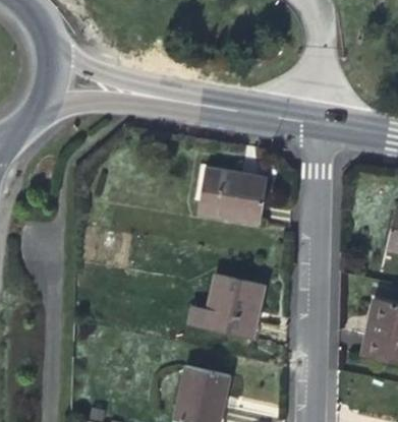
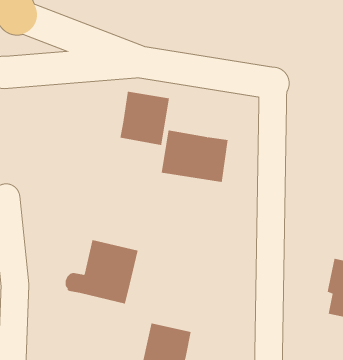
building: none -> [120,91,169,146]
building: [189,274,265,340] -> [65,240,138,304]

